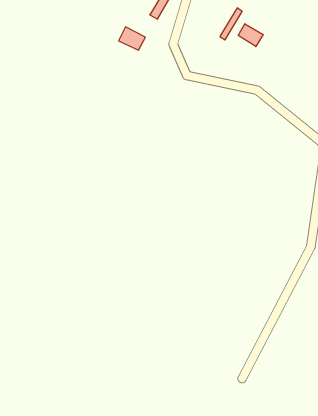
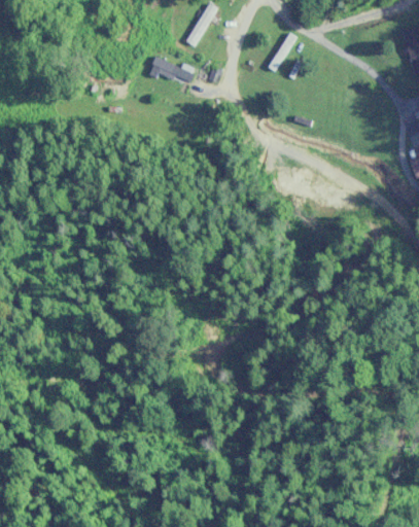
building: [238,24,263,47] -> none

